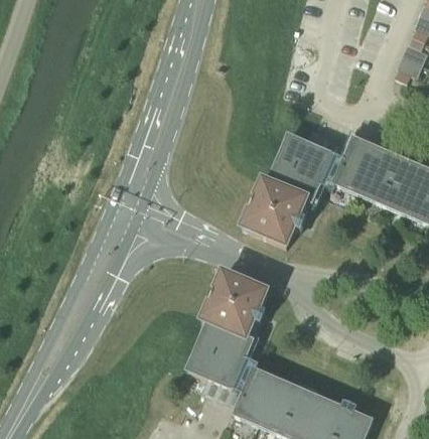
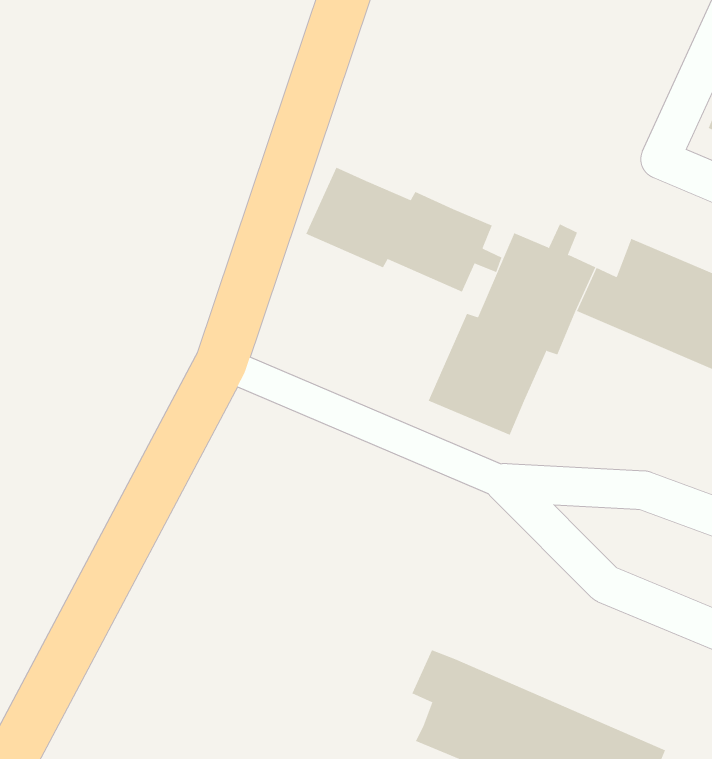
building: none -> [305,167,502,293]
building: [186,270,267,387] -> none

